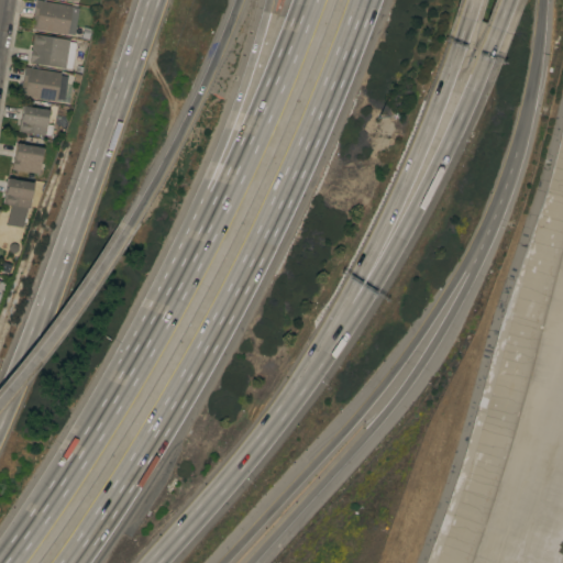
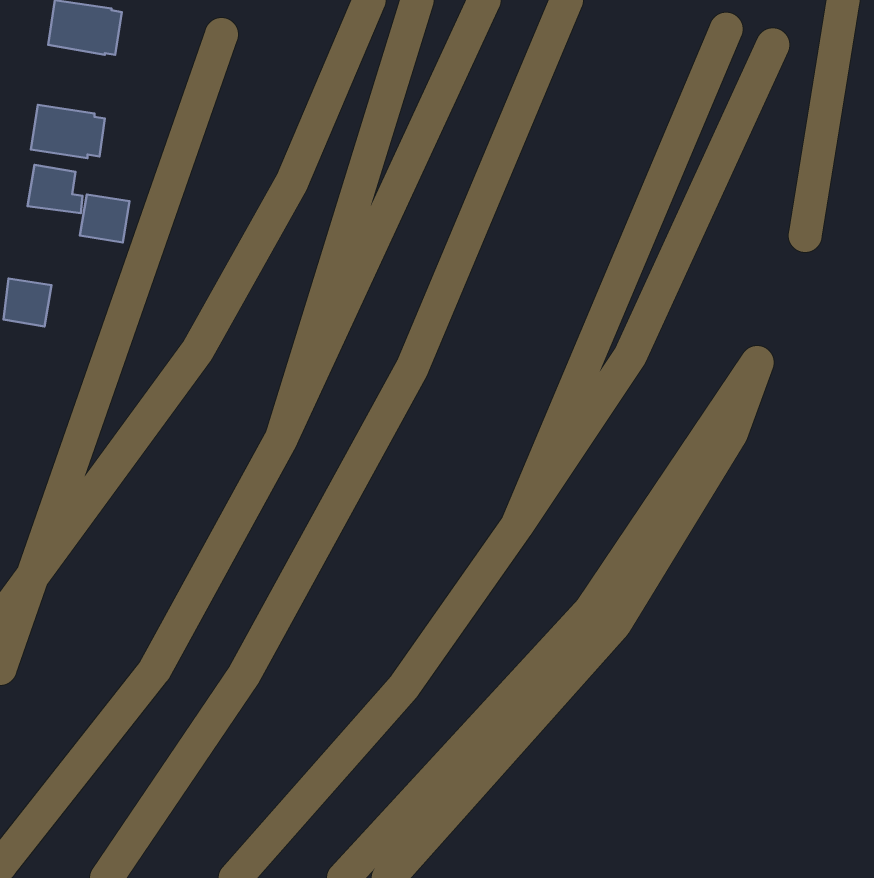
building: [31,34,73,68] -> none
building: [13,143,45,174] -> [80,194,130,243]

